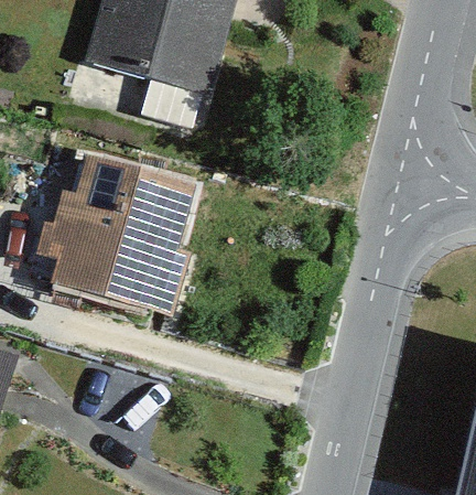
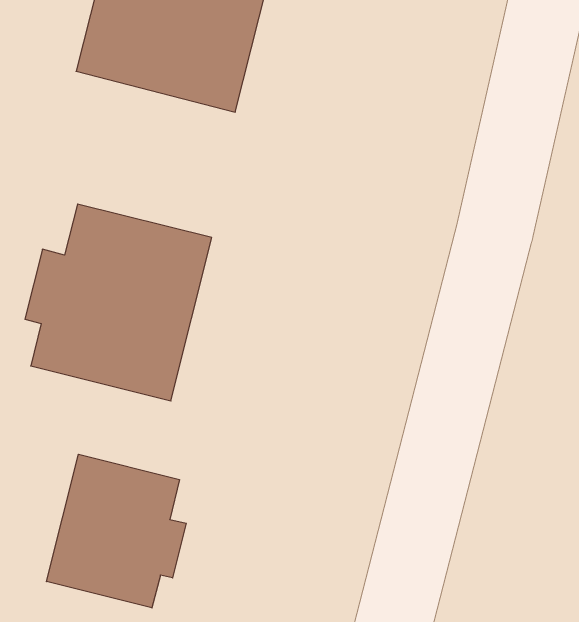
building: none -> [46,454,186,608]

